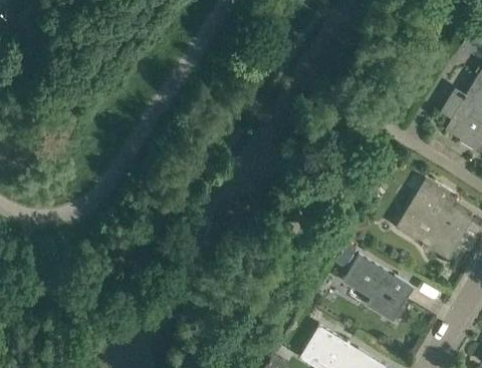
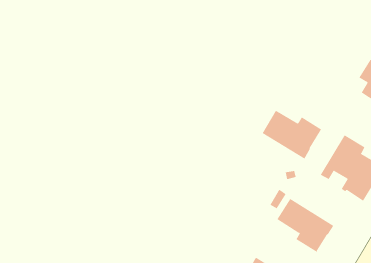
building: none -> [262,110,323,159]

